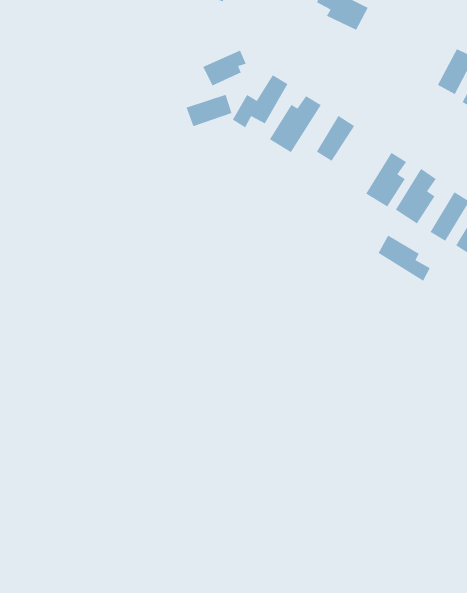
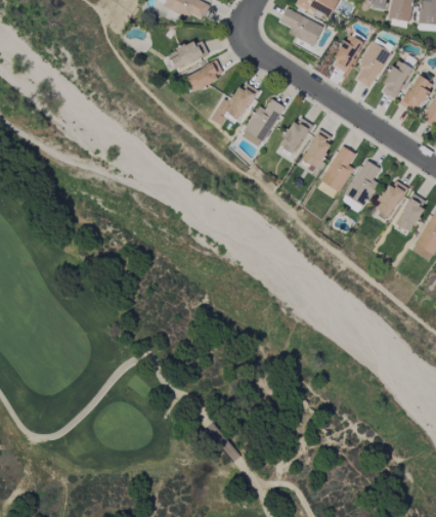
building: none -> [331,34,363,73]
building: none -> [355,41,391,88]
building: [185,94,232,127] -> [169,40,208,68]
building: none -> [301,130,336,171]
building: [377,234,431,282] -> none

